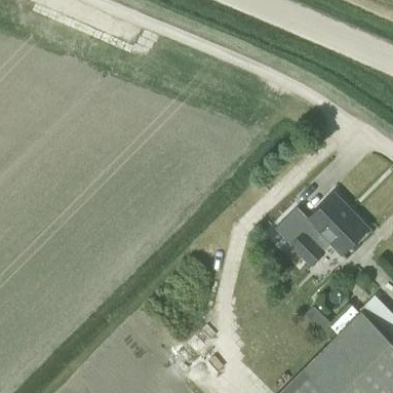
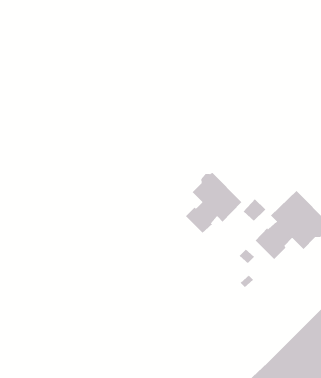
building: none -> [185,172,242,234]

